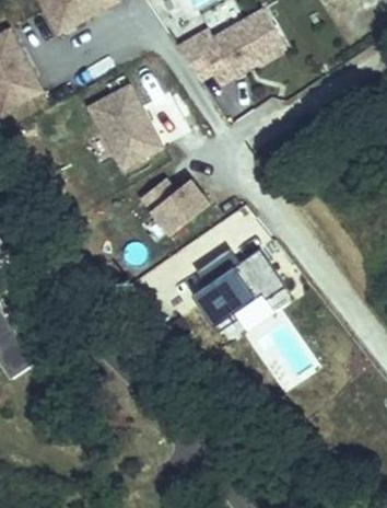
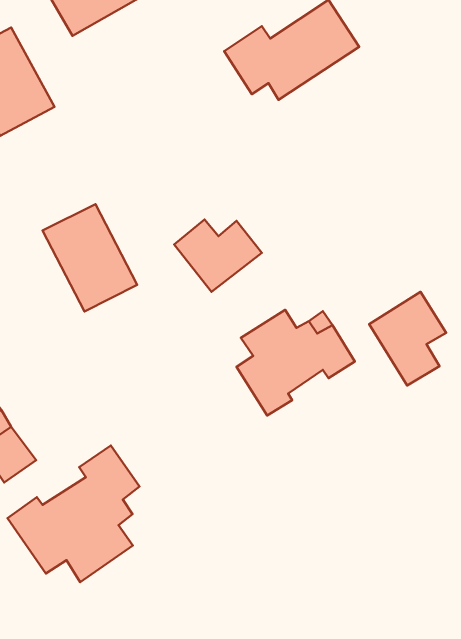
building: [89,82,163,166] -> [43,204,137,311]
building: none -> [369,292,446,385]
building: none -> [8,446,140,582]

